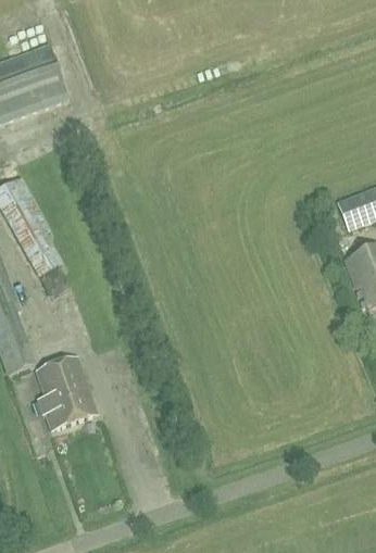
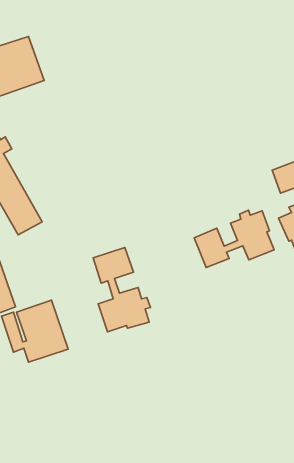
building: none -> [194,210,274,267]
building: none -> [93,247,151,332]

